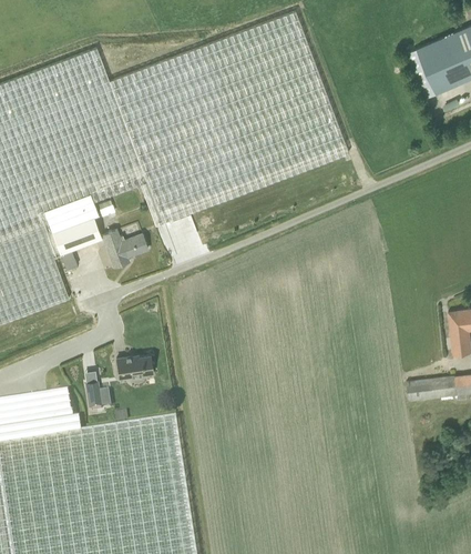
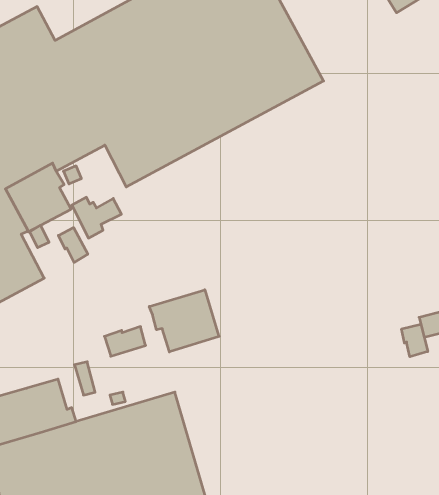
building: none -> [58,228,88,262]
building: none -> [149,290,219,352]
building: none -> [402,324,428,357]

